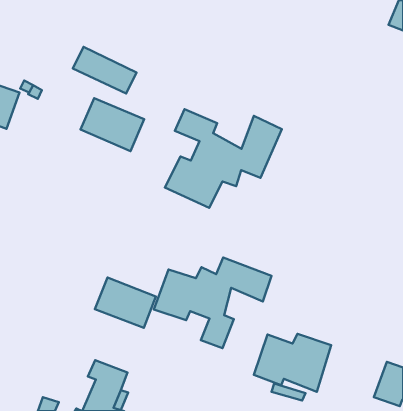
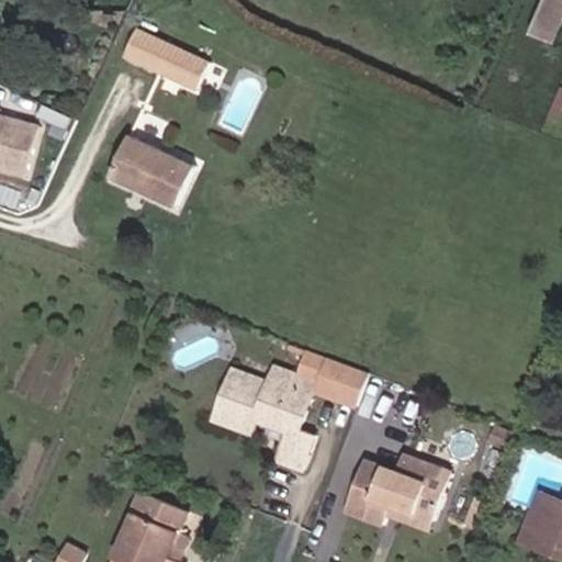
building: [73,47,137,93] -> [124,27,211,91]
building: [165,109,282,208] -> none
building: [95,277,156,328] -> none

